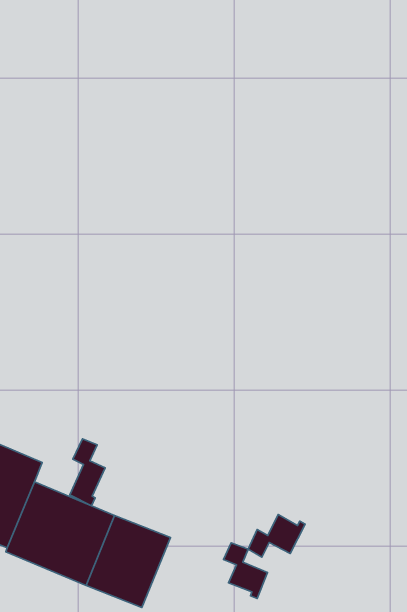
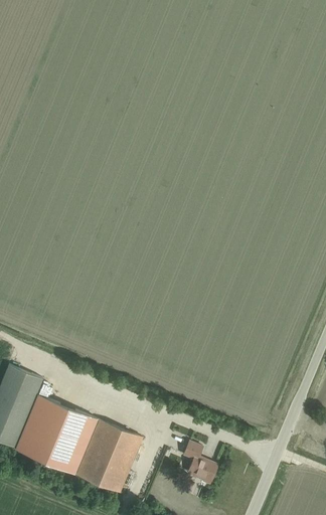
building: [70,439,105,506] -> none
building: [248,515,305,557] -> none

